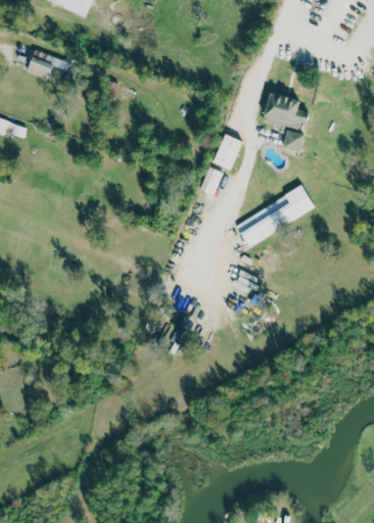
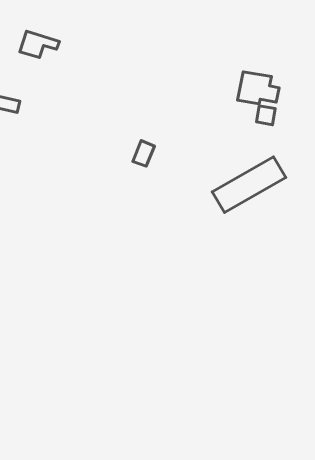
building: [214,134,241,170] -> none
building: [199,167,223,194] -> [133,141,155,166]

